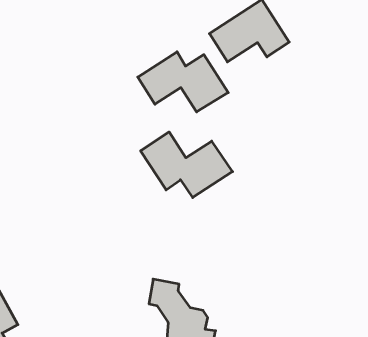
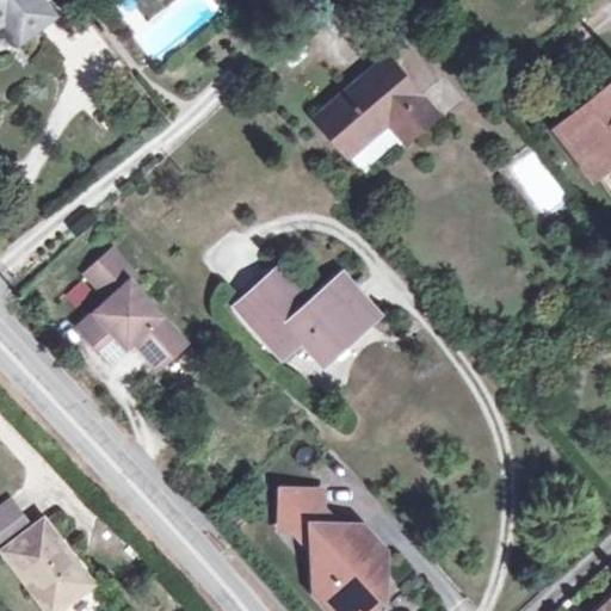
building: [138,52,228,112] -> none
building: none -> [79,249,184,366]

